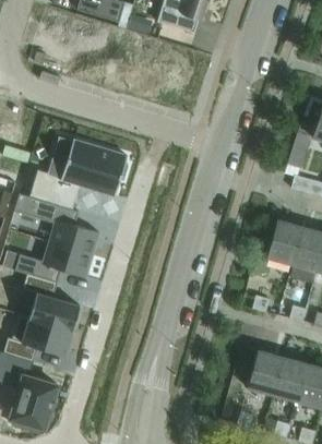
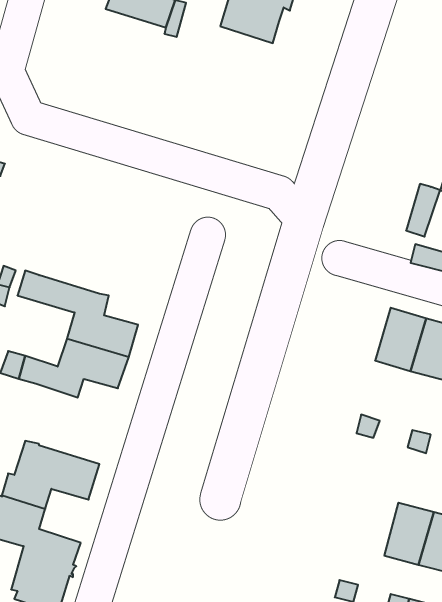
building: [29,139,129,209] -> none
building: [23,273,80,329] -> none
building: [247,350,283,394] -> none

